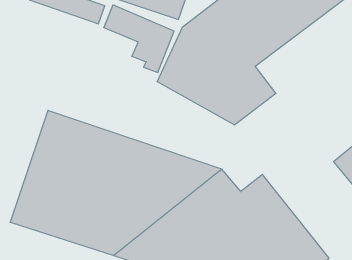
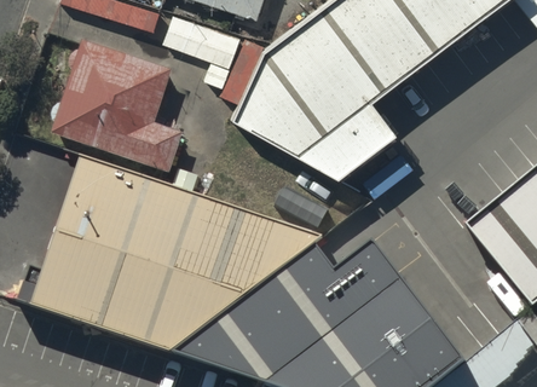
building: none -> [52,42,186,173]

